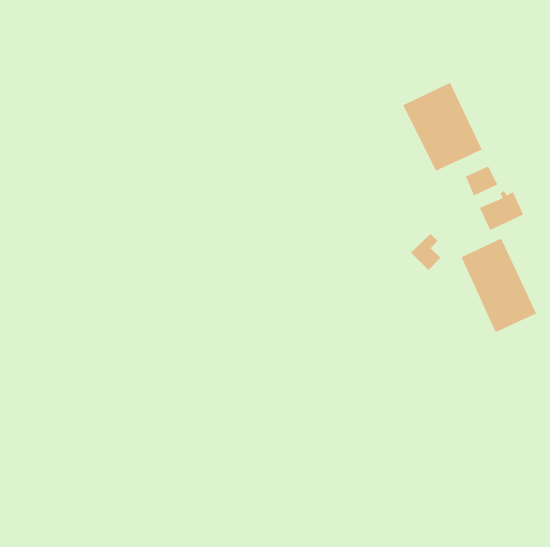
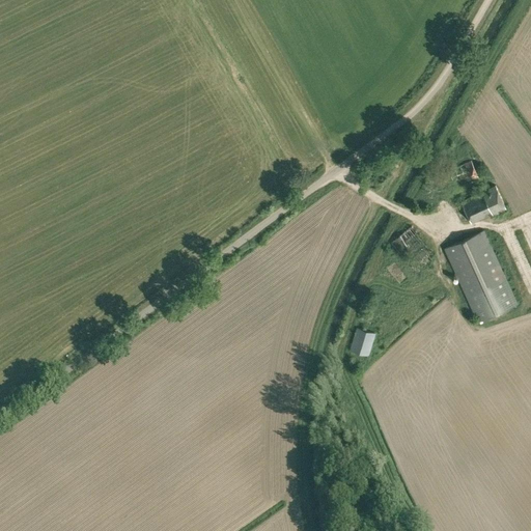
building: [402,82,483,172] -> none
building: none -> [350,329,374,357]

